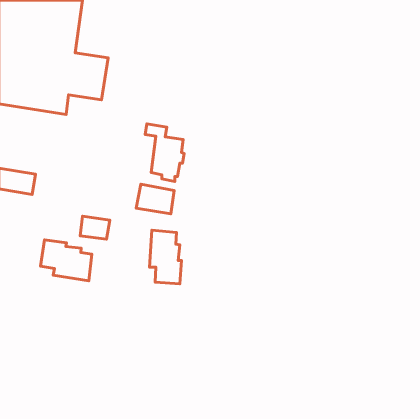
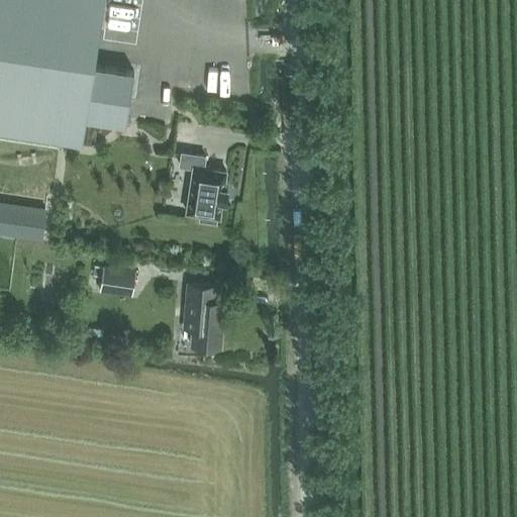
building: [136,184,174,214] -> none
building: [40,240,92,281] -> none

